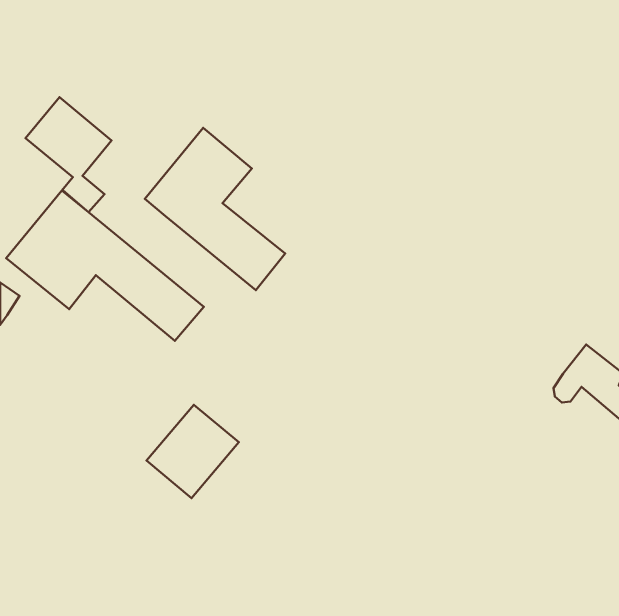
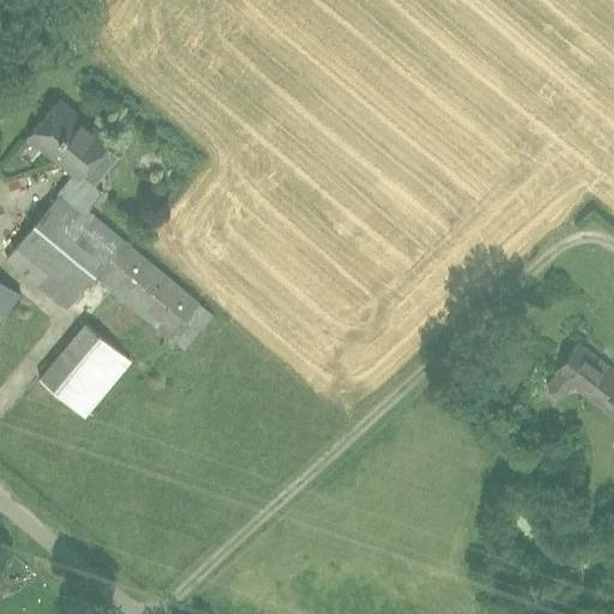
building: [145,128,285,290] -> none
building: [147,405,239,498] -> [41,325,132,417]

